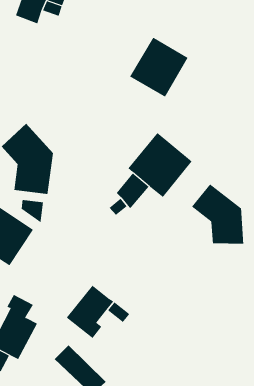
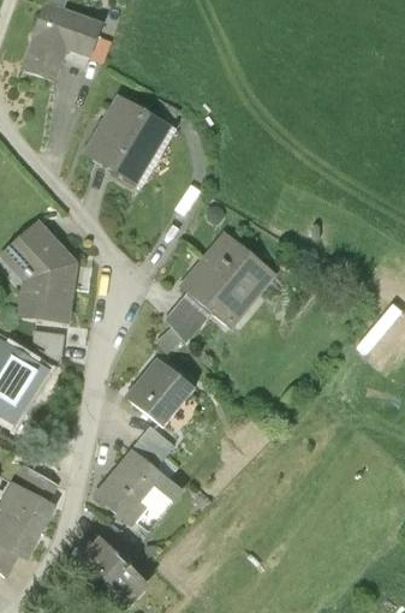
building: [129,37,188,98] -> [85,95,169,181]
building: [191,183,244,245] -> none
building: none -> [126,357,195,425]
building: none -> [131,425,174,469]

